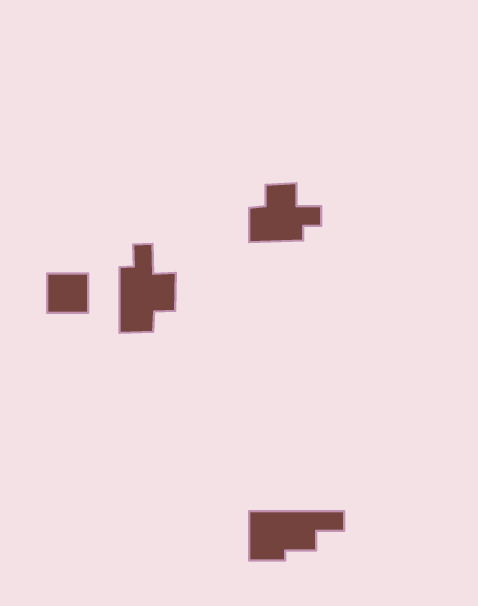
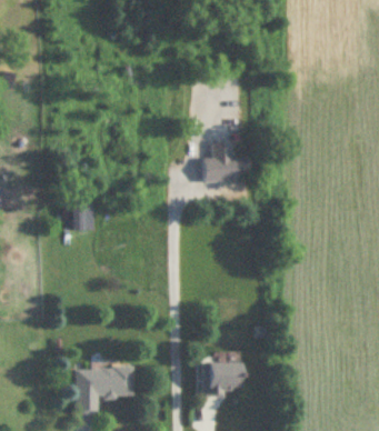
building: [119,244,176,333] -> none
building: none -> [76,368,132,412]

